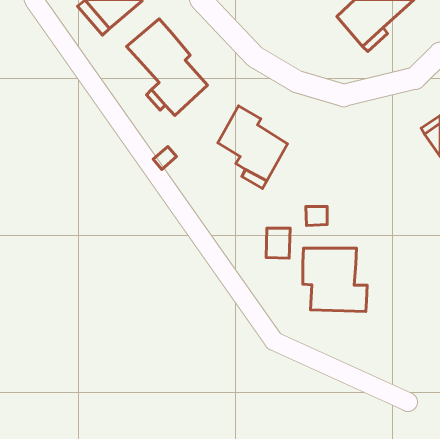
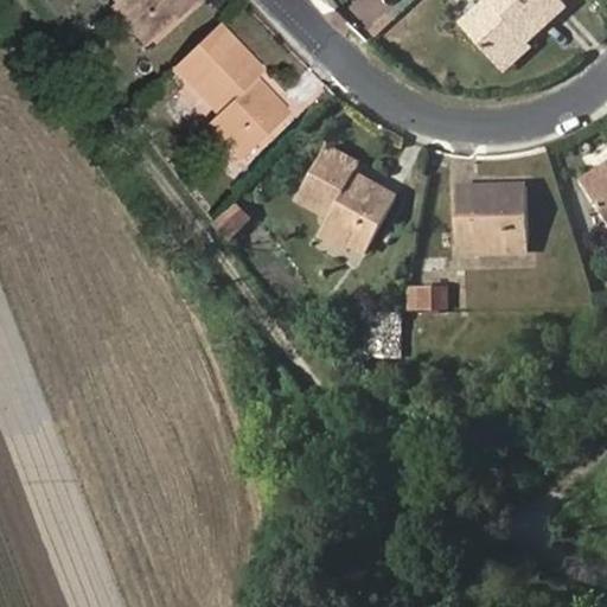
building: none -> [456,185,529,245]
building: [303,248,367,311] -> none

